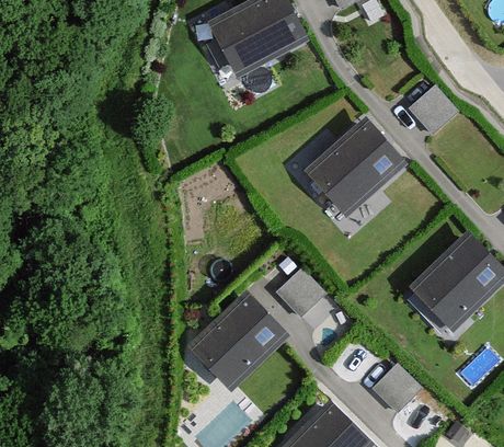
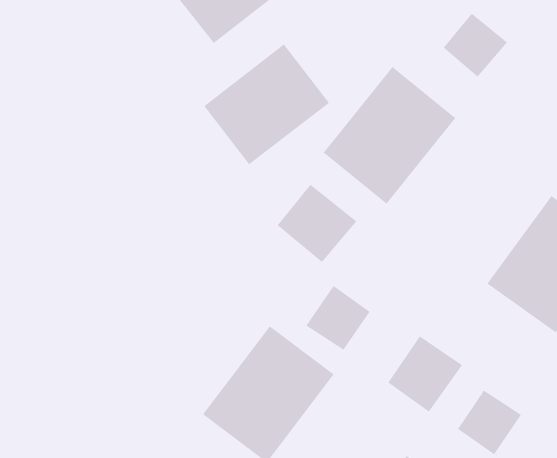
building: none -> [203,43,330,165]
building: none -> [277,184,357,263]
building: none -> [387,336,463,412]

